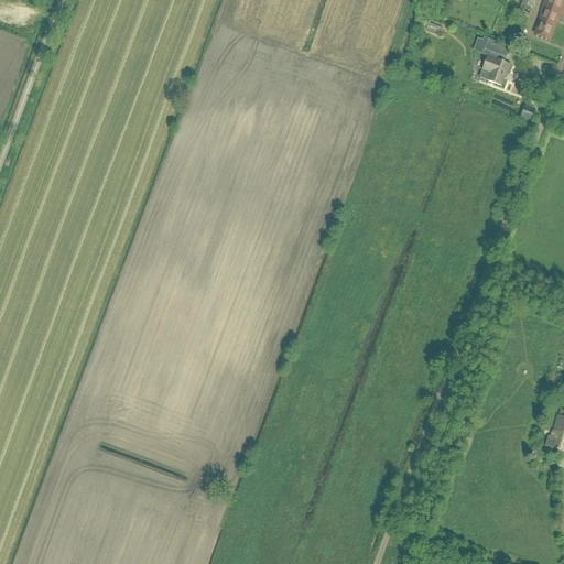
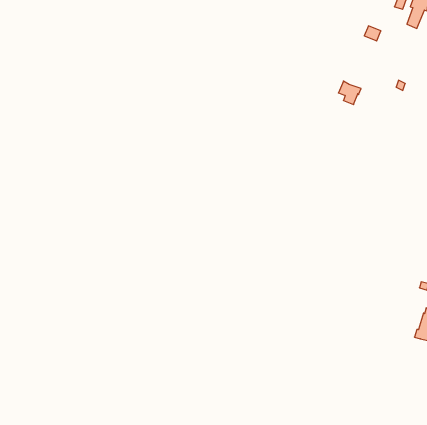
building: [482,53,512,84] -> [338,81,361,105]

